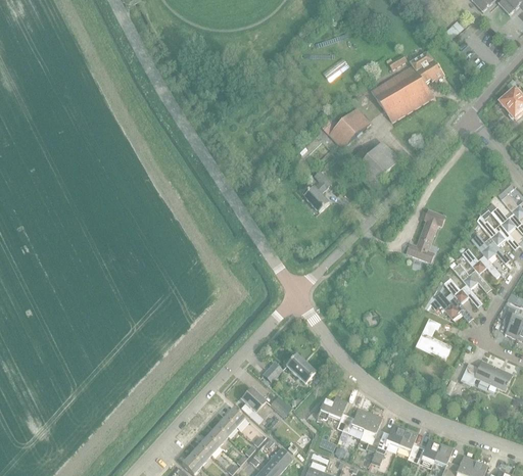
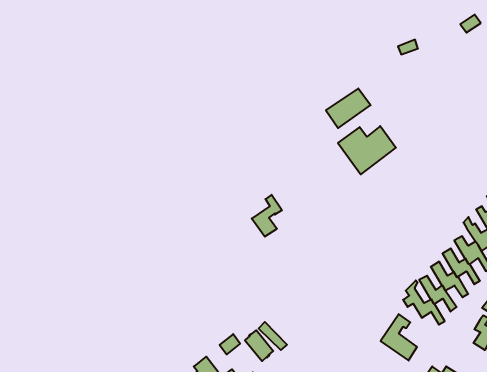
building: [370,52,443,123] -> none
building: [303,171,331,211] -> [252,195,282,237]
building: [406,208,445,261] -> none

